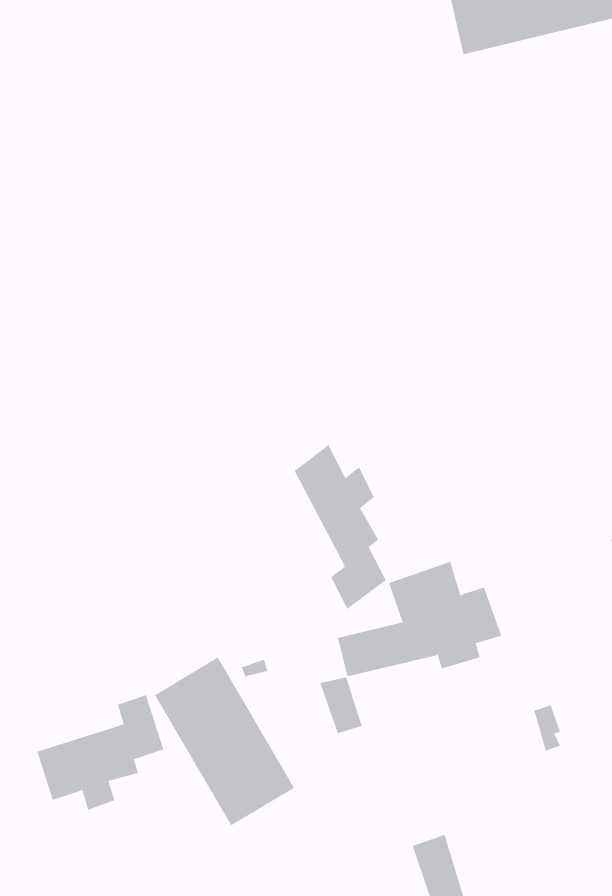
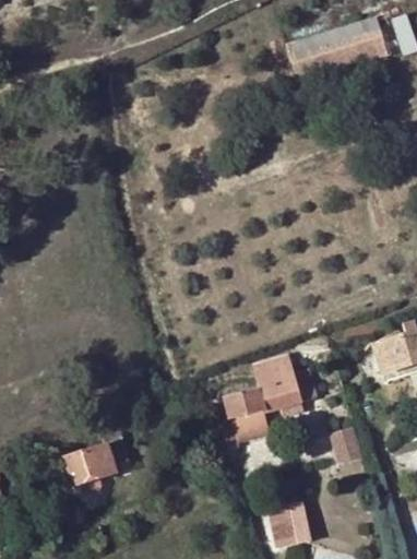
building: [294,444,386,610] -> none
building: [154,657,295,826] -> none

